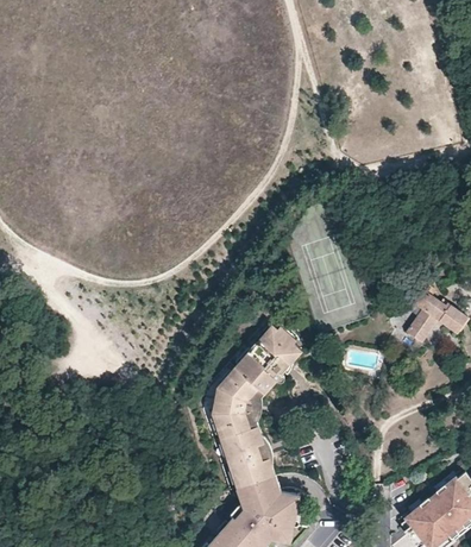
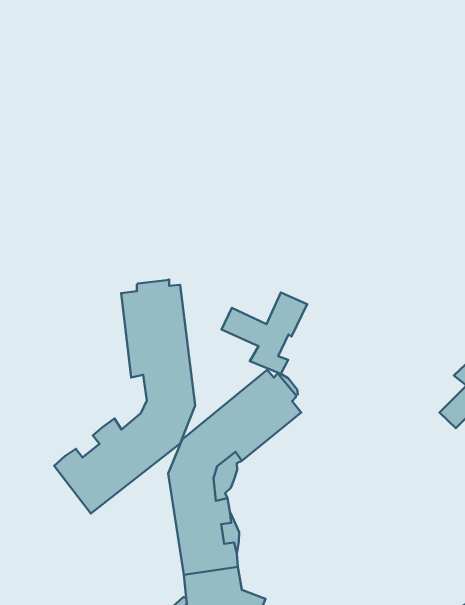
building: none -> [221,292,307,374]
building: none -> [54,280,195,513]

